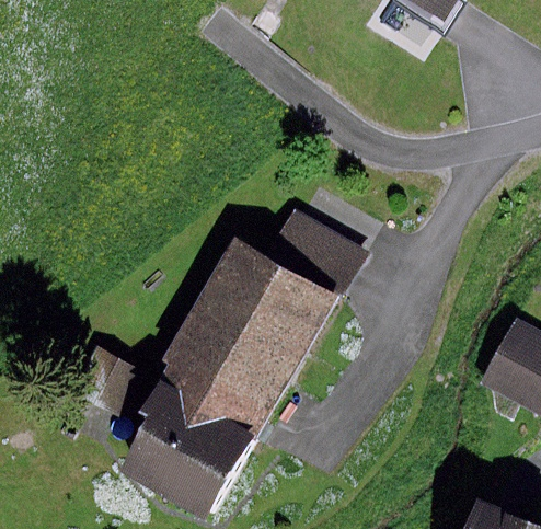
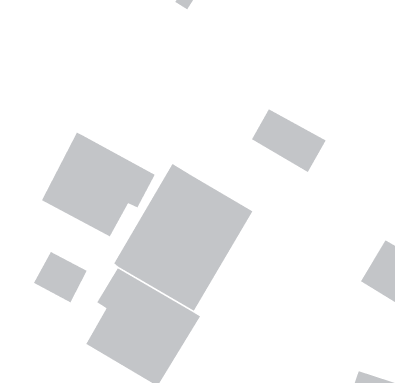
building: none -> [41,132,156,237]
building: [262,207,360,291] -> [251,108,327,173]

